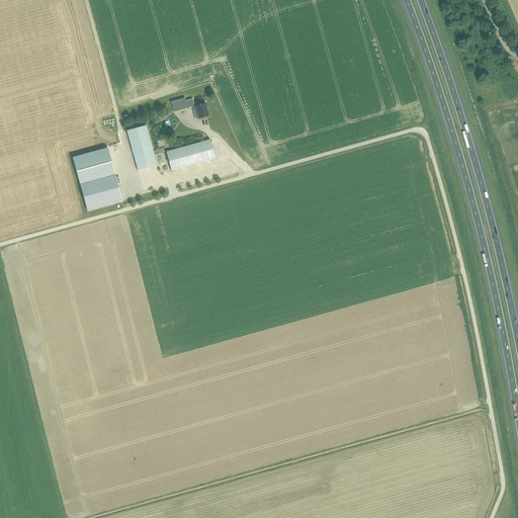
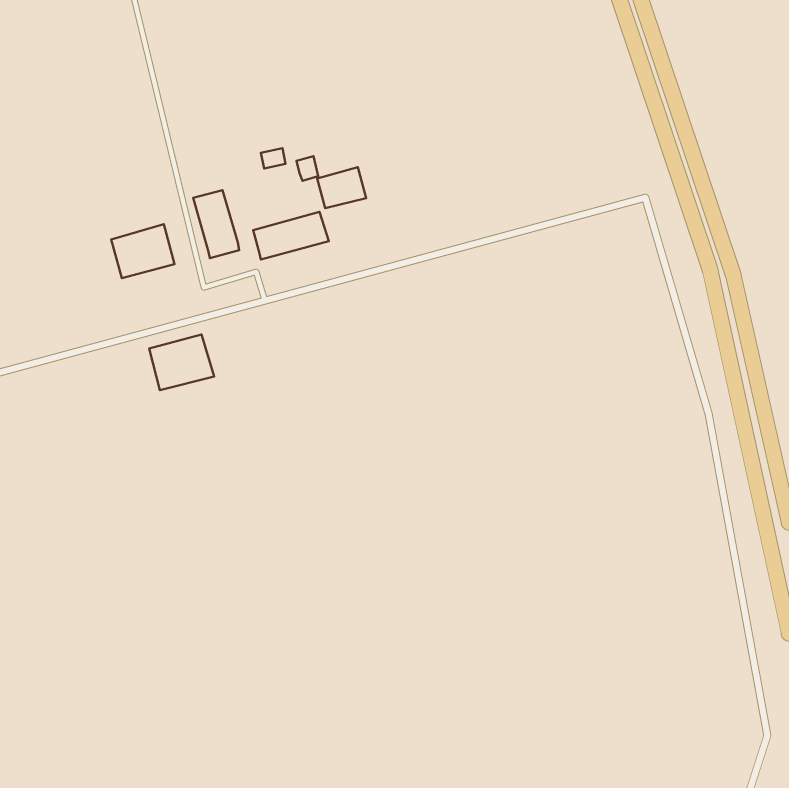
building: none -> [317,167,366,208]
building: [80,173,122,209] -> [149,335,214,390]

